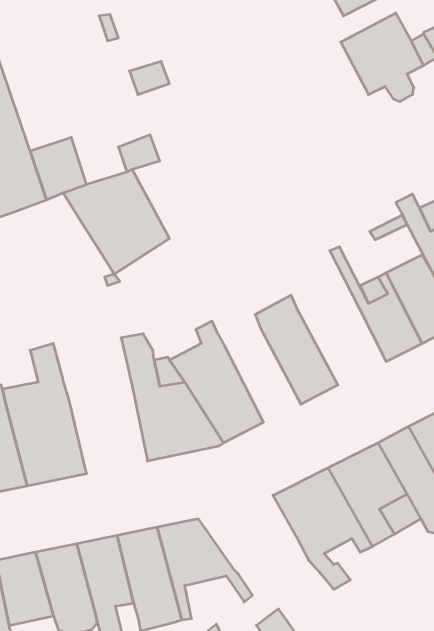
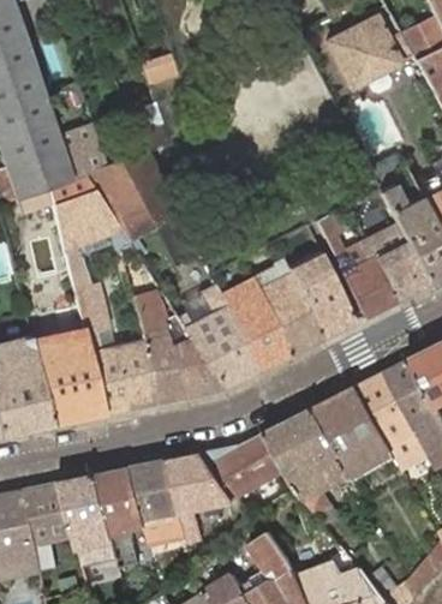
building: none -> [54,190,159,414]
building: none -> [289,251,357,337]
building: none -> [220,276,292,370]
building: none -> [203,433,288,520]

